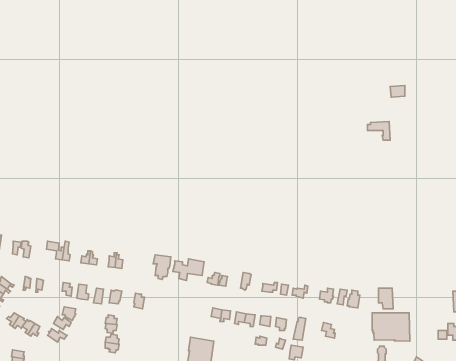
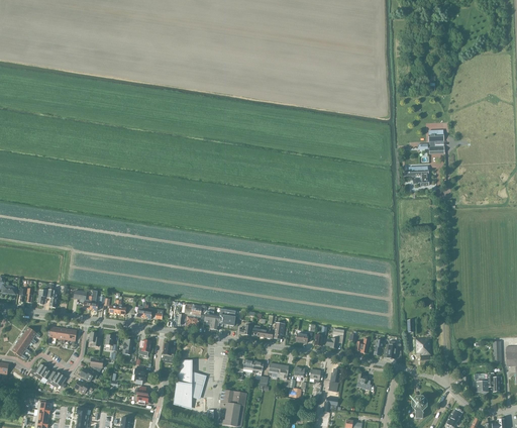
building: none -> [175,360,206,407]
building: [372,313,410,341] -> none

